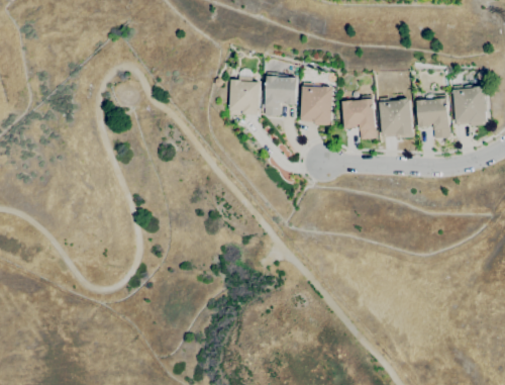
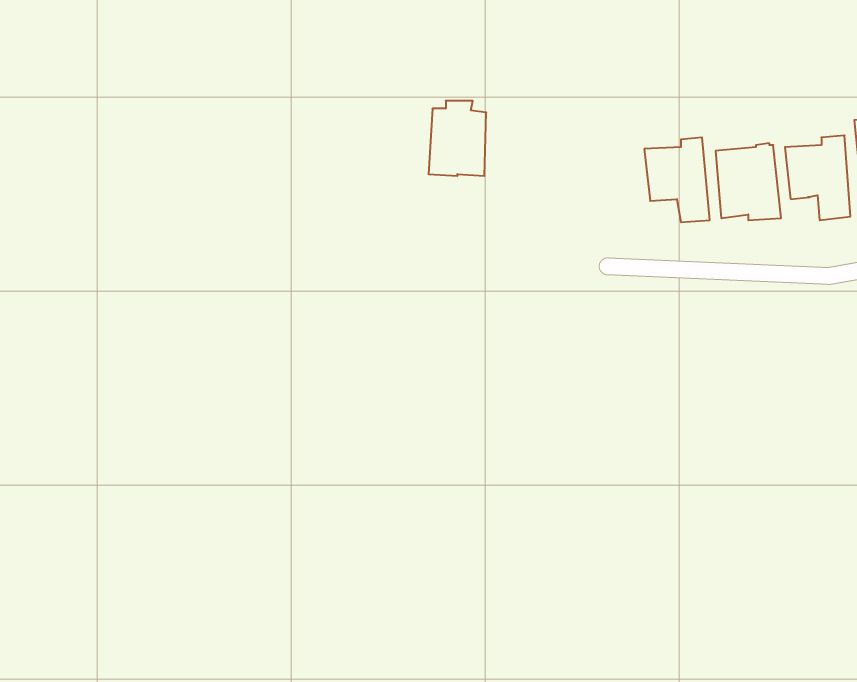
building: [265,72,298,116] -> none
building: [301,82,334,126] -> none

